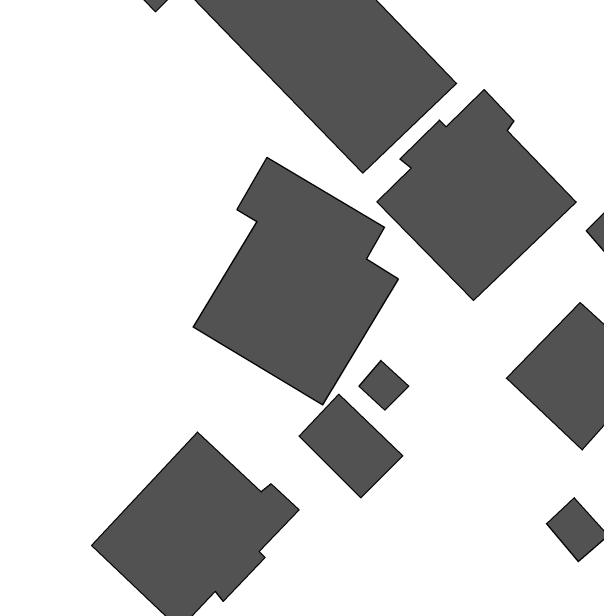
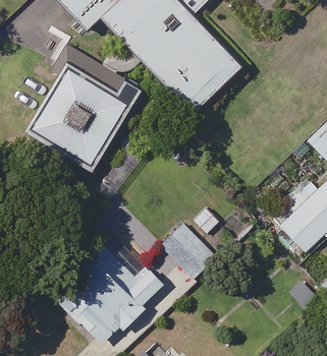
building: [377,90,576,300] -> none
building: [193,158,398,405] -> [29,44,133,170]

